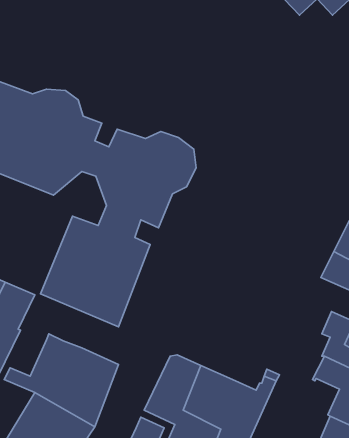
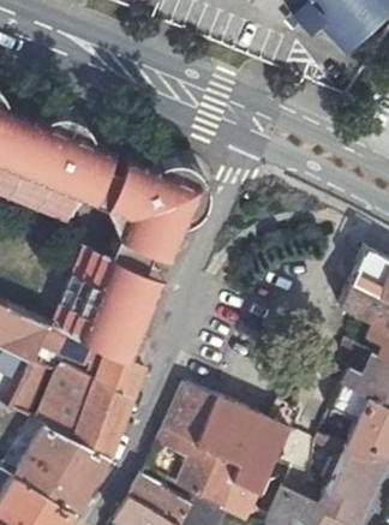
building: none -> [29,327,86,375]
building: none -> [94,353,140,398]

